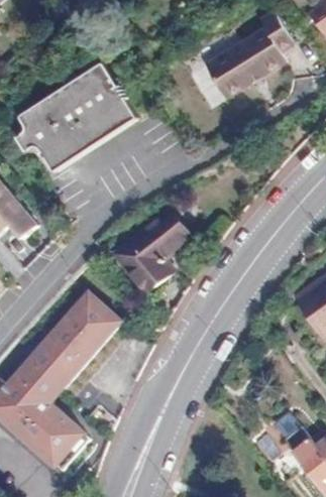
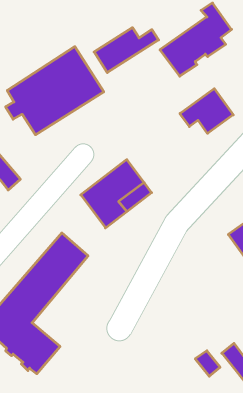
building: none -> [94,28,159,73]
building: none -> [180,89,233,133]

